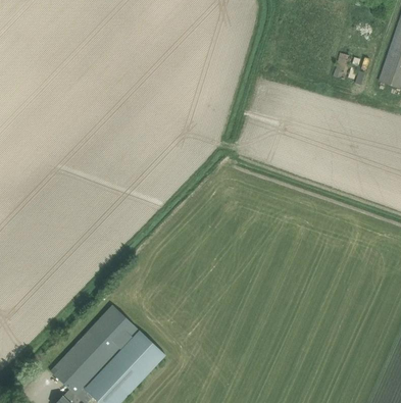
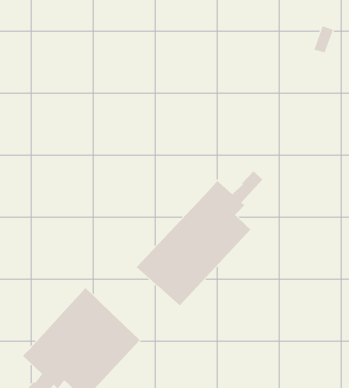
building: none -> [136,170,263,306]

